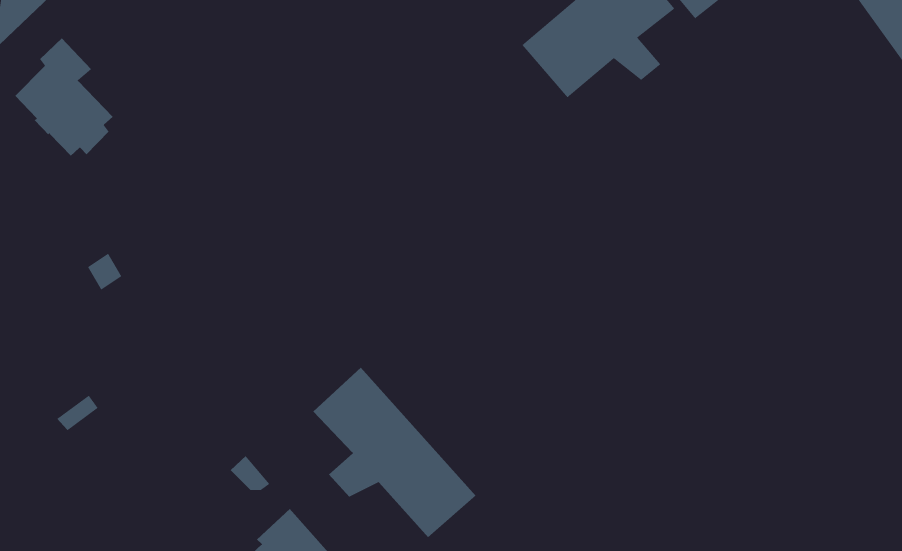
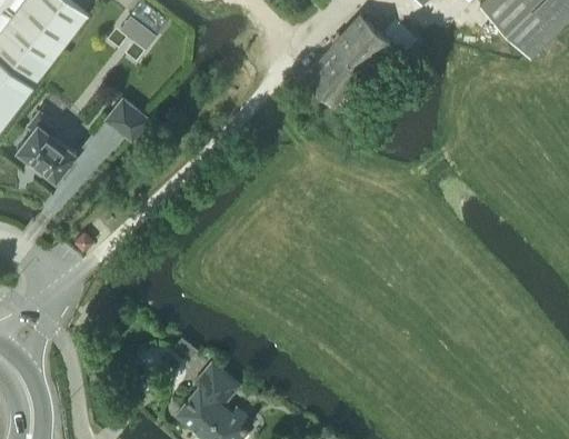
building: none -> [106,101,148,143]
building: [313,367,477,538] -> none

